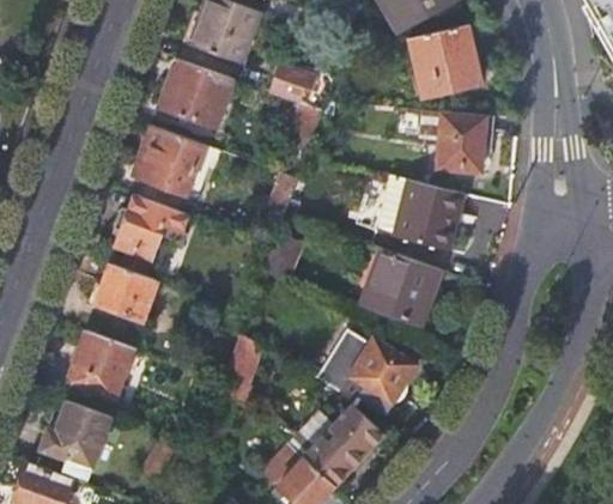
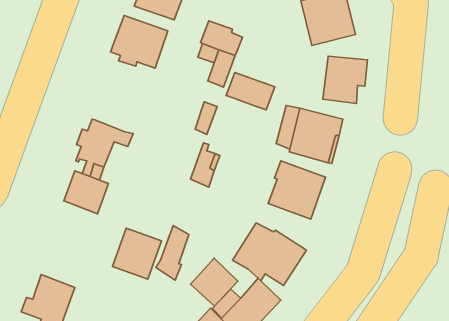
building: [133,126,205,212] -> none
building: none -> [226,72,275,110]
building: [69,332,134,399] -> [112,228,162,279]
building: none -> [190,258,238,306]

